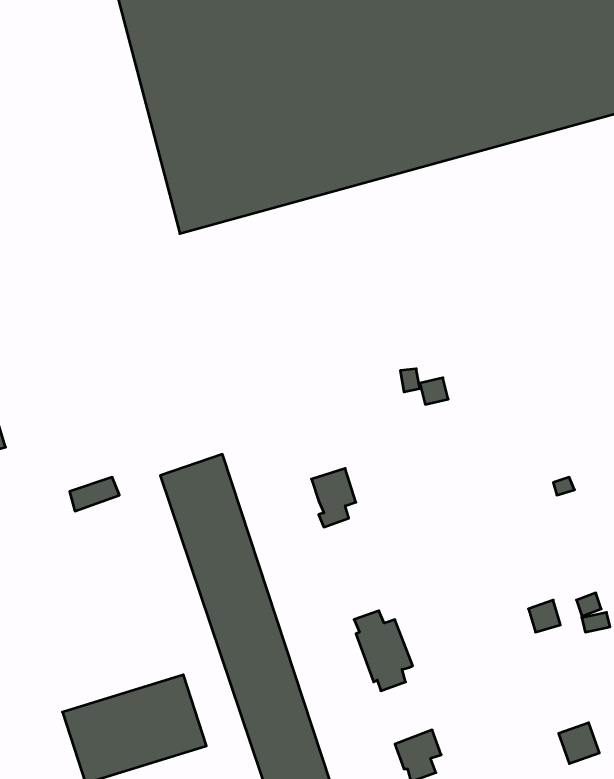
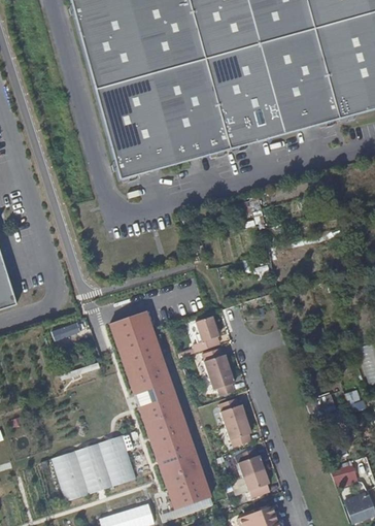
building: none -> [203,348,236,394]
building: none -> [238,448,265,475]

